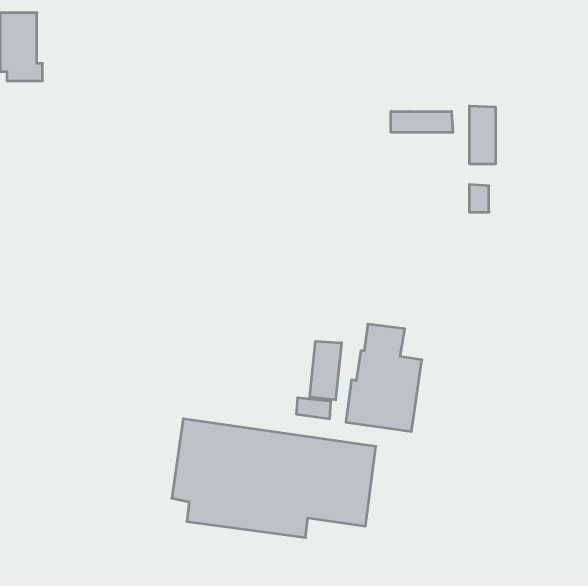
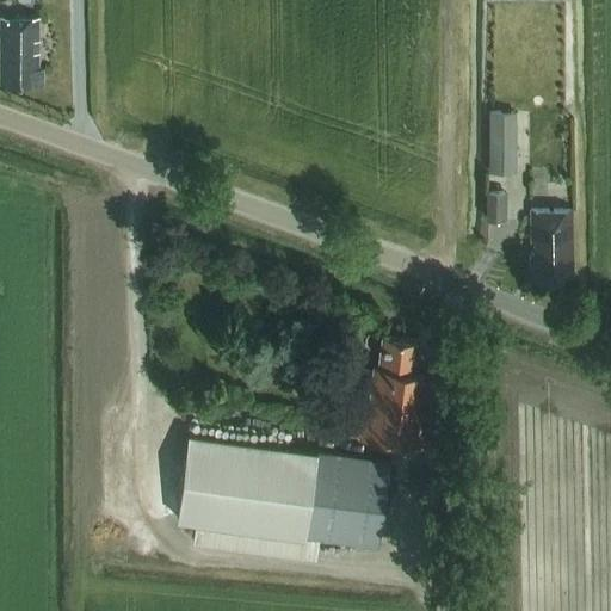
building: [391,111,453,132] -> none
building: none -> [533,212,575,284]
building: [310,341,342,400] -> none

